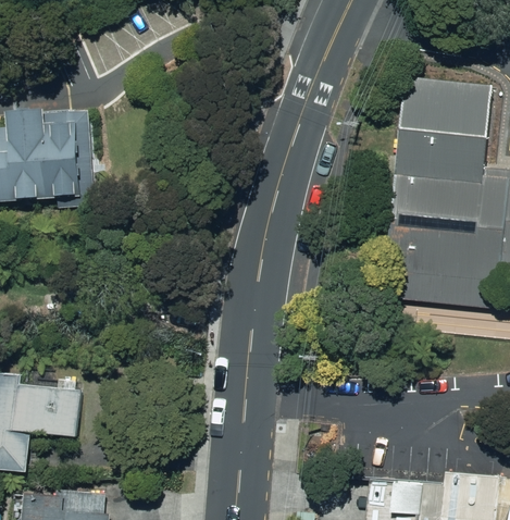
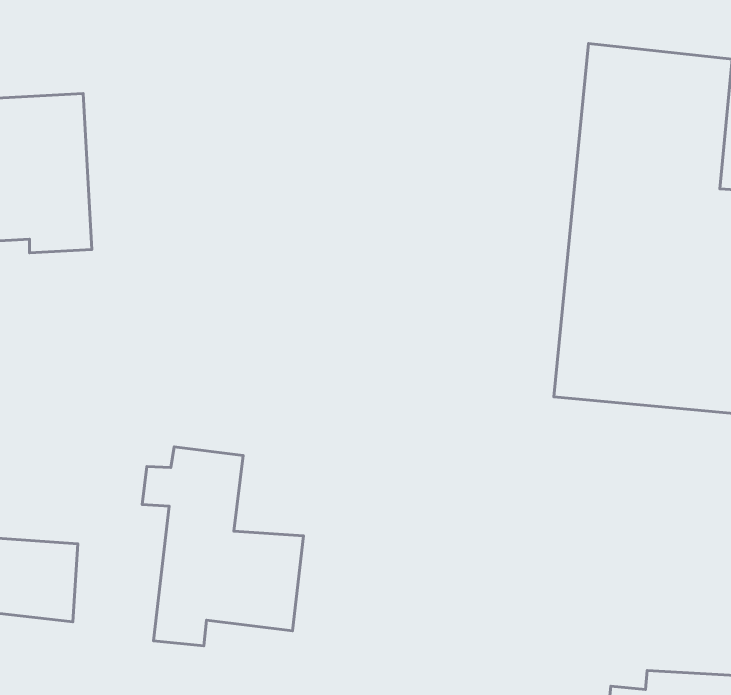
building: none -> [142,447,303,646]

